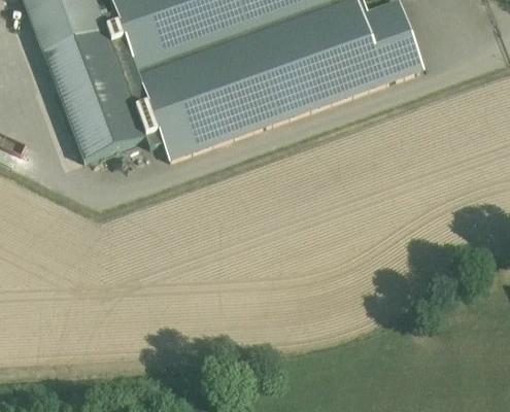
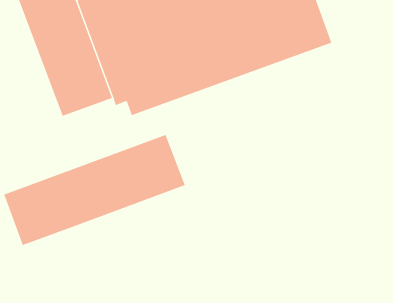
building: none -> [4,134,186,246]

